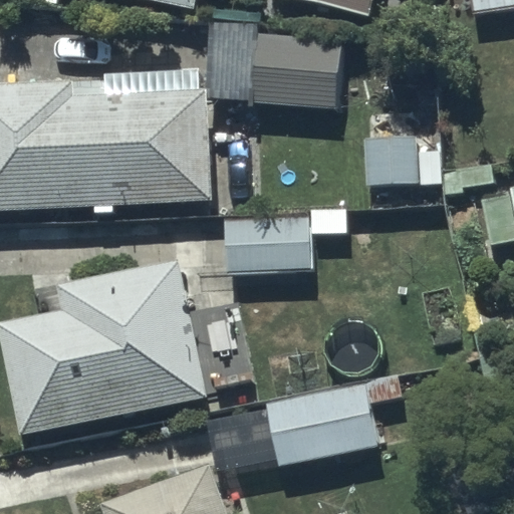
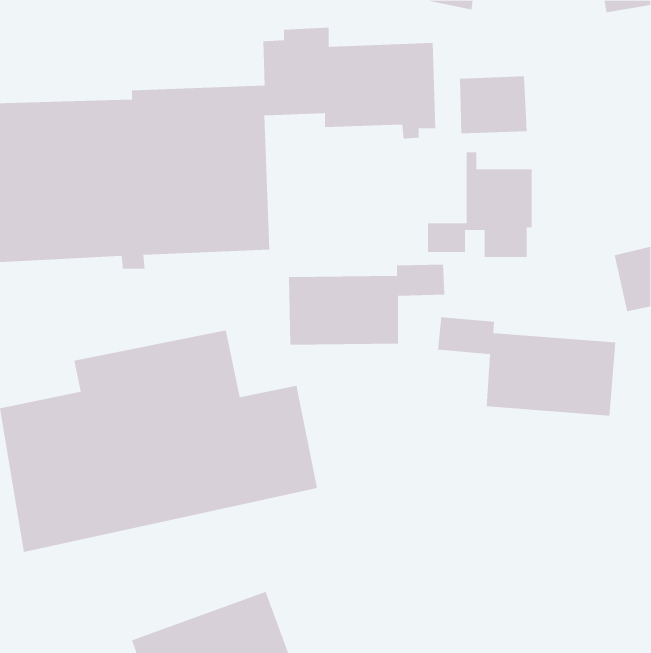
building: none -> [437,316,616,416]
building: [266,384,389,467] -> none

